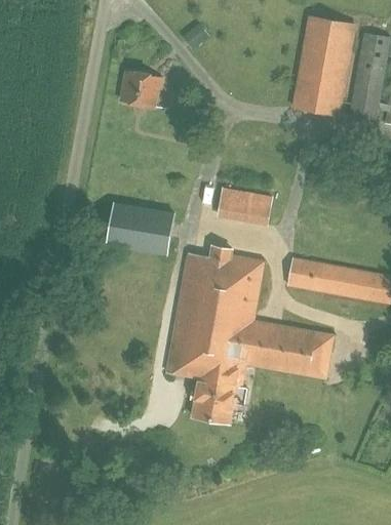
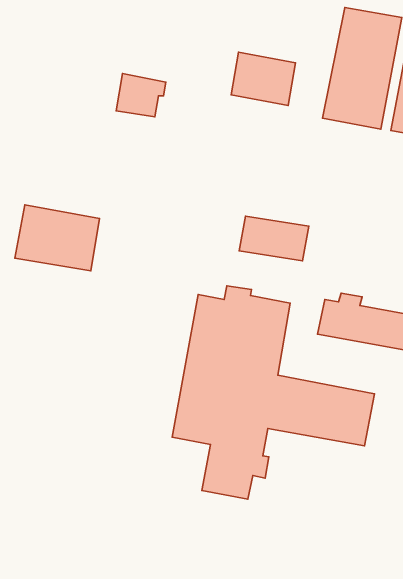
building: none -> [231,52,295,105]
building: [105,202,174,256] -> [15,205,99,271]

